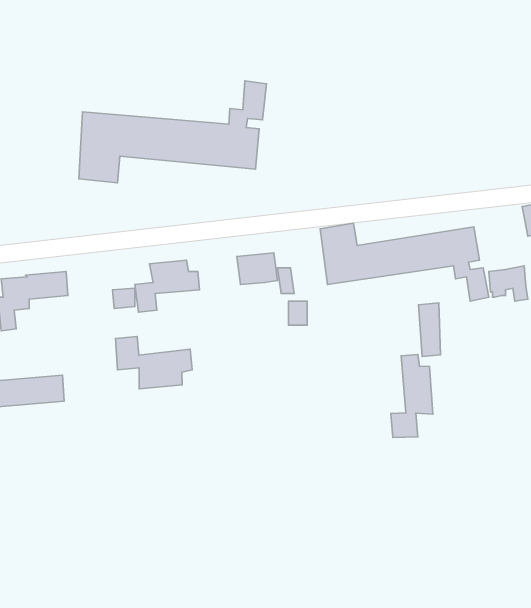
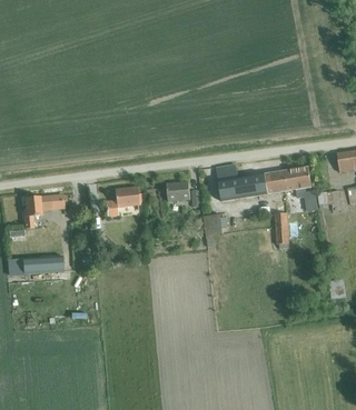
building: [79,81,267,183] -> none
building: [116,336,192,389] -> none
building: [391,355,433,437] -> none

